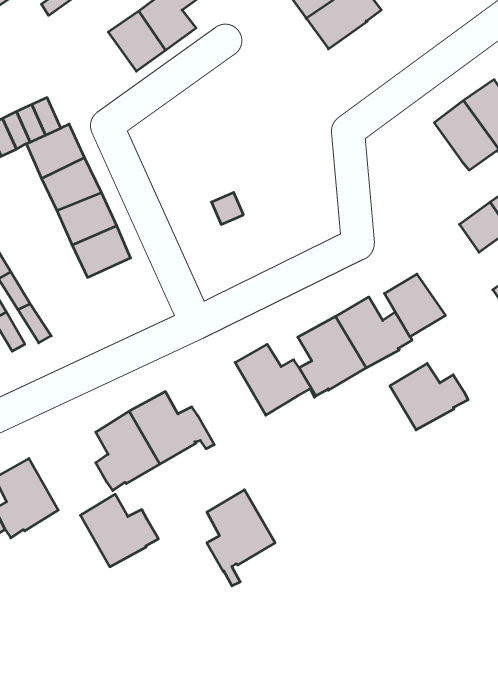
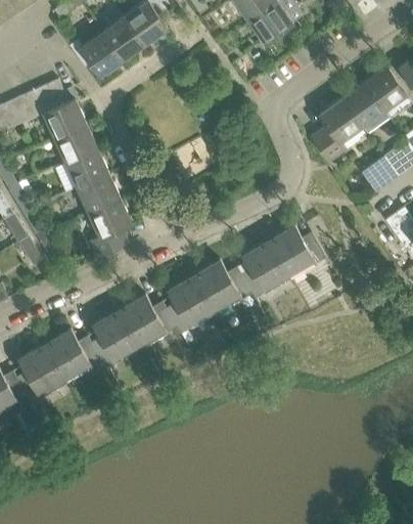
building: none -> [68,31,123,76]
building: none -> [311,97,362,161]
building: none -> [87,196,131,257]
building: [384,274,445,337] -> none
building: [390,363,468,430] -> none
building: [207,490,275,586] -> [168,273,218,344]
building: [80,494,158,567] -> [44,329,101,382]

